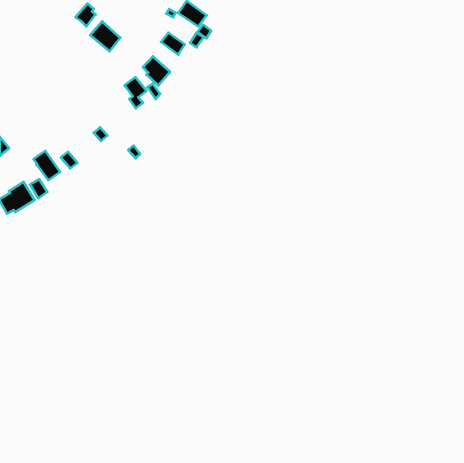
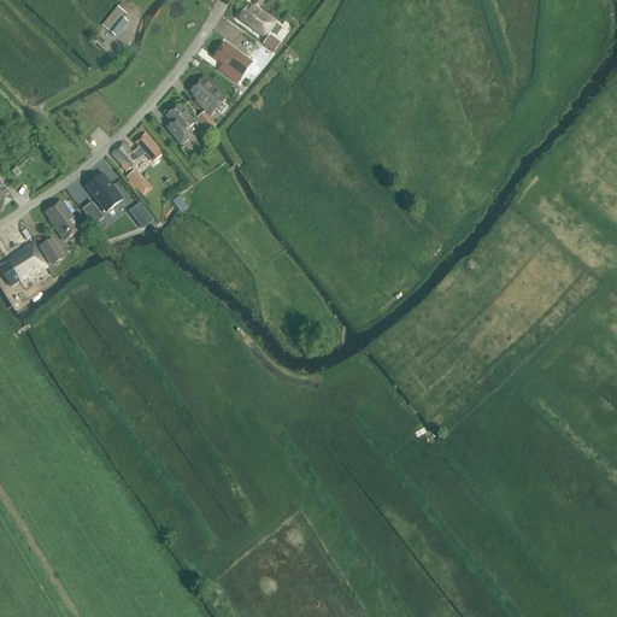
building: [90,21,120,51] -> none
building: none -> [112,133,160,168]
building: none -> [84,172,121,211]

